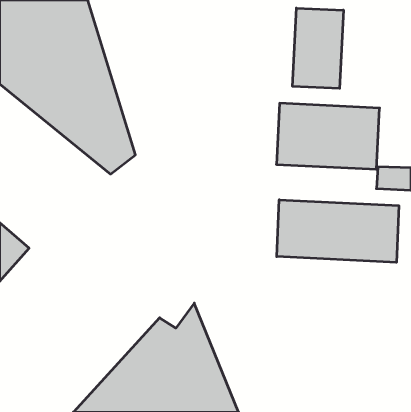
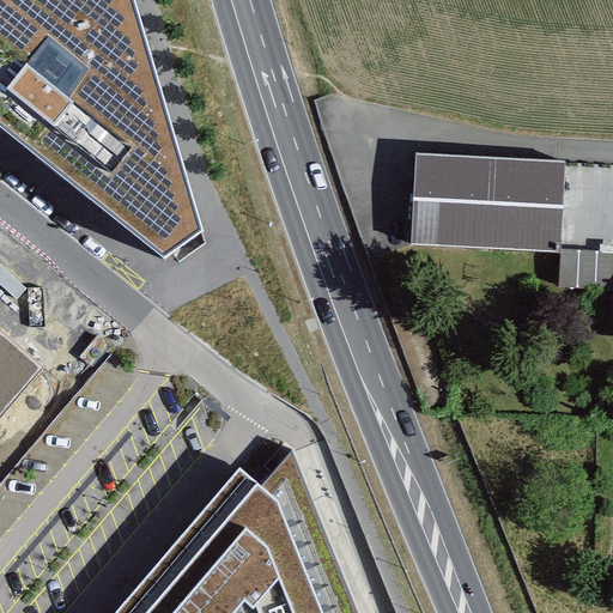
building: [293,8,343,88] -> none
building: [277,200,399,262] -> none

